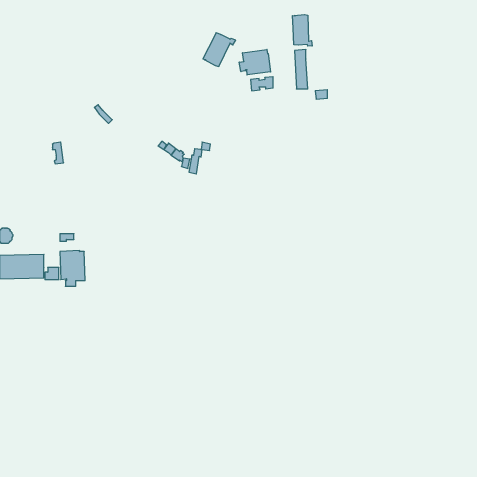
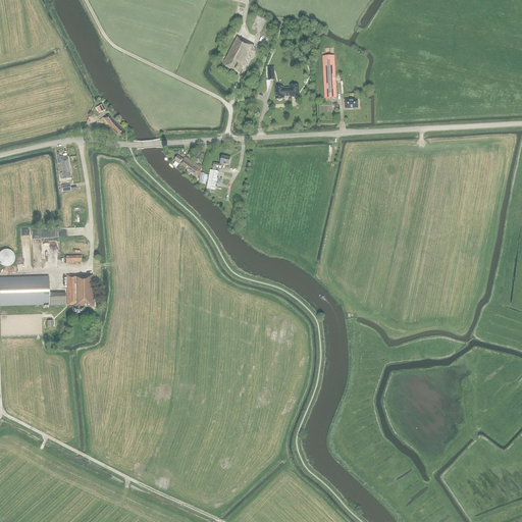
building: [292,15,312,46] -> none
building: [239,49,271,75] -> none

